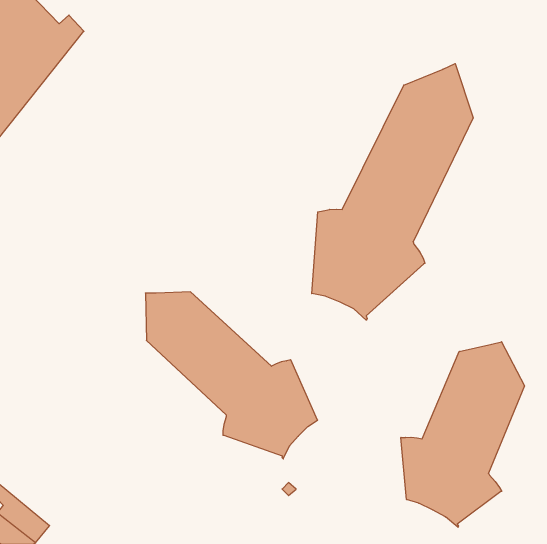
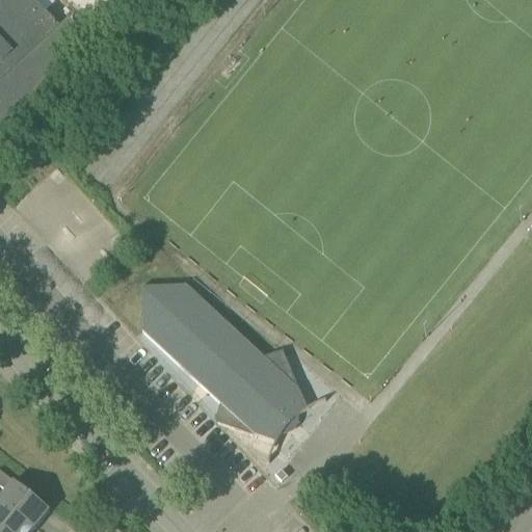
building: [312,64,473,320] -> none
building: [401,342,525,527] -> none

